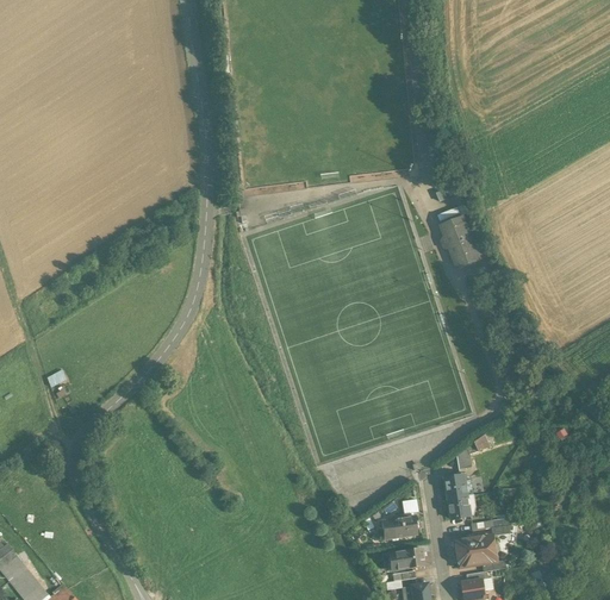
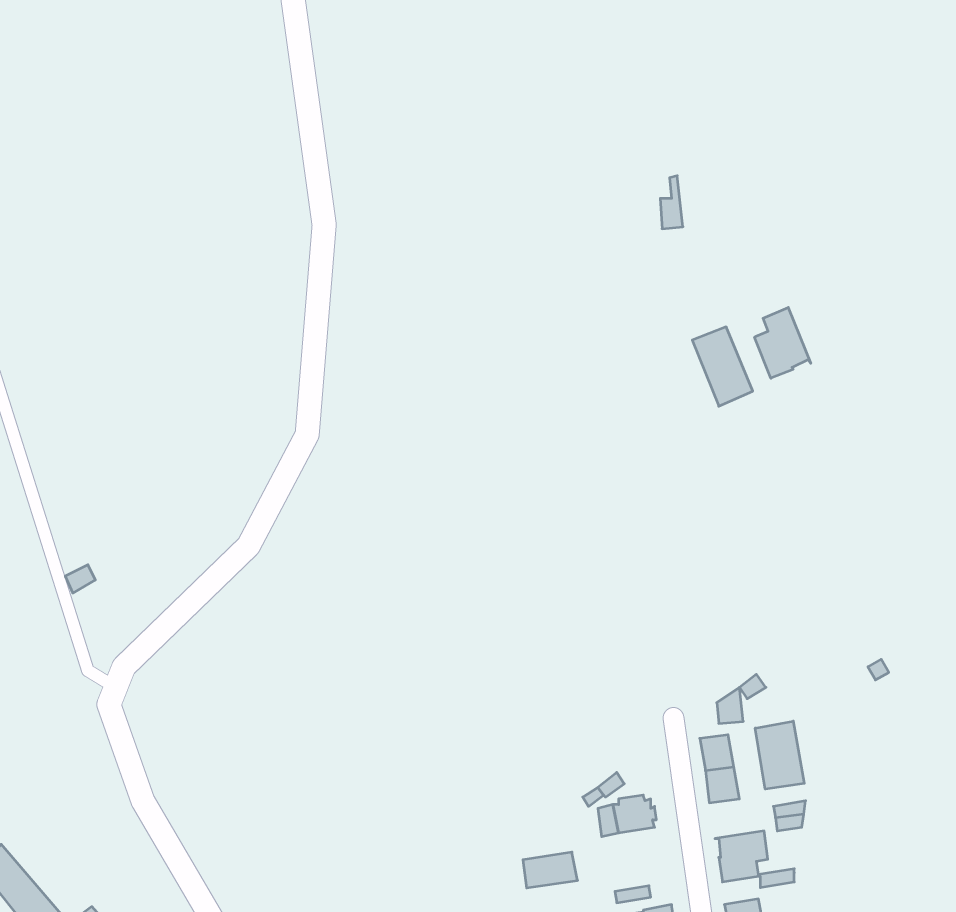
building: none -> [755,307,811,378]
building: none -> [755,721,804,789]
building: [390,548,424,570] -> [523,852,578,888]

